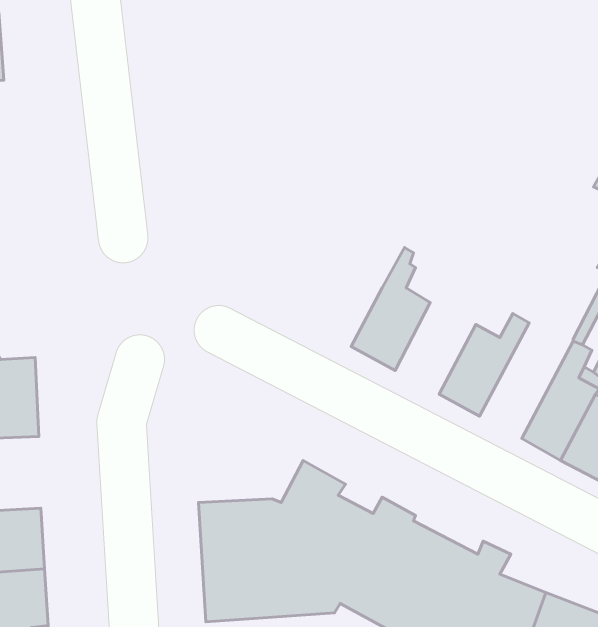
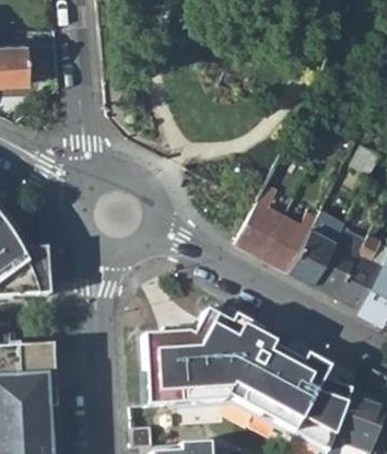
building: none -> [260,213,314,271]
building: none -> [310,213,359,298]

